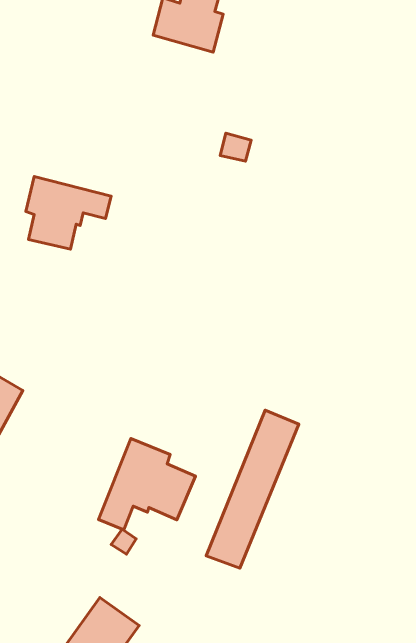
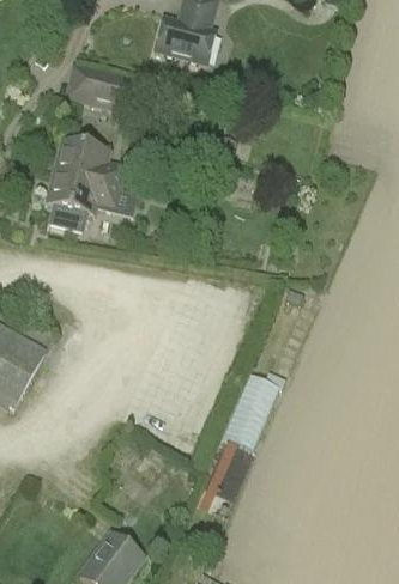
building: none -> [81,66,131,111]
building: none -> [54,138,125,187]
building: [98,438,195,530] -> none

